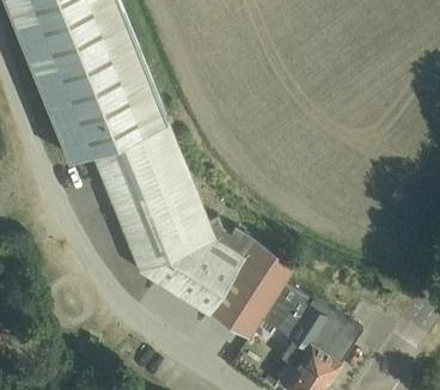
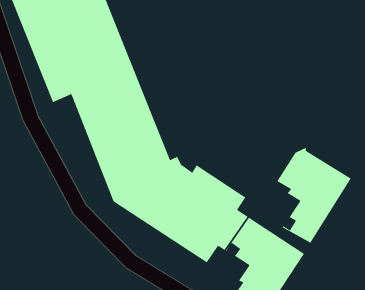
building: none -> [276,147,352,243]

